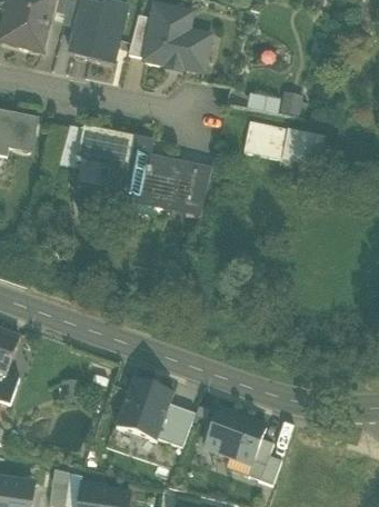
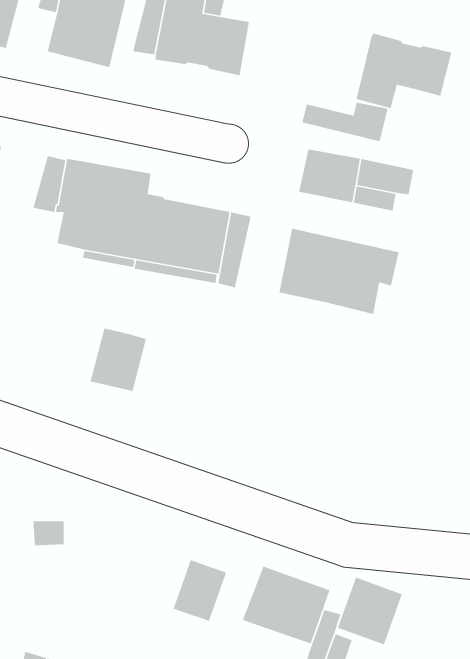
building: none -> [355,33,452,109]
building: none -> [278,228,399,315]
building: none -> [90,327,147,392]
building: [116,377,173,440] -> none
building: none -> [337,577,403,645]

